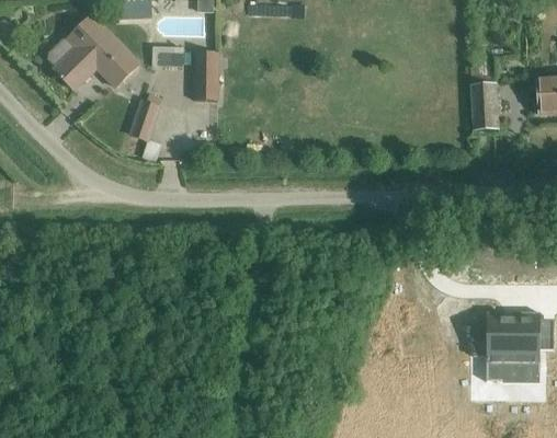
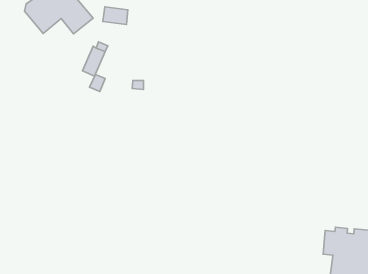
building: [193,51,218,100] -> none
building: [470,76,498,129] -> none

